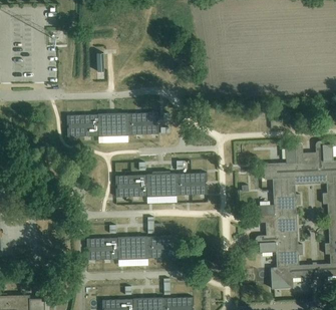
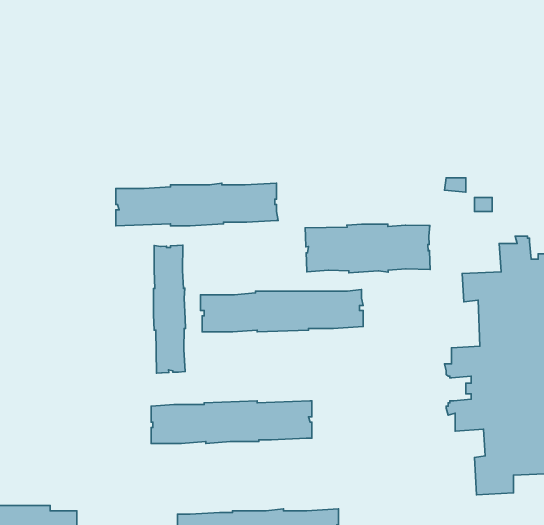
building: none -> [305,224,430,273]
building: none -> [154,245,186,373]

